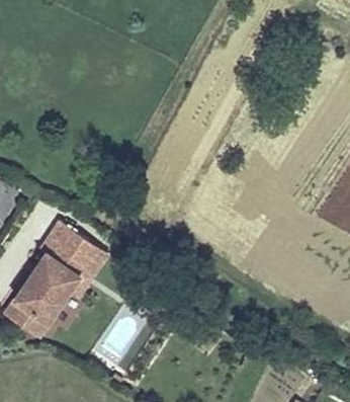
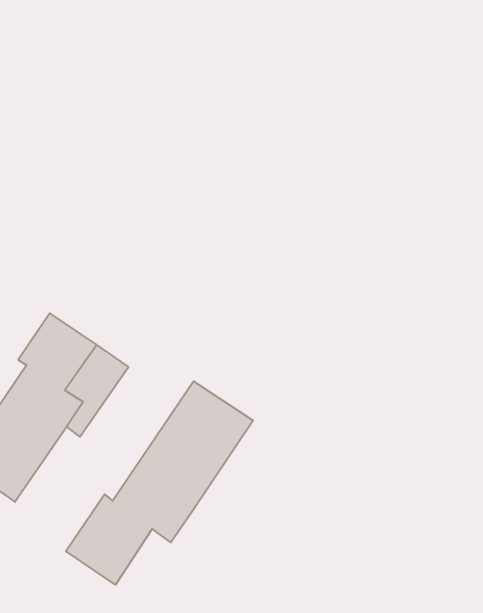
building: none -> [66,381,253,585]

